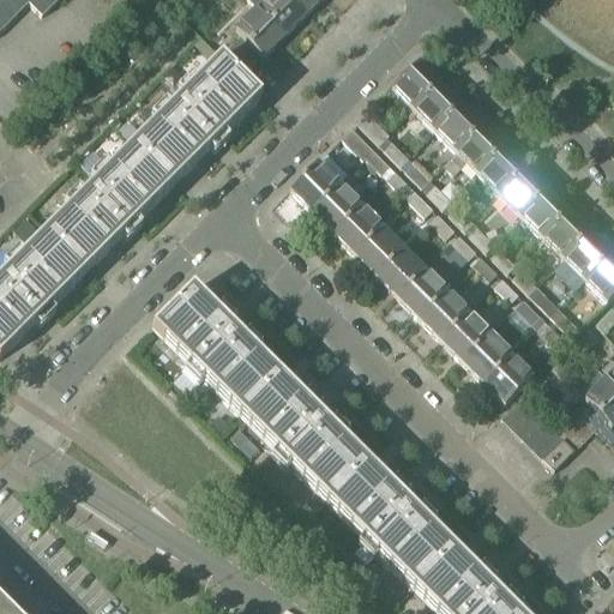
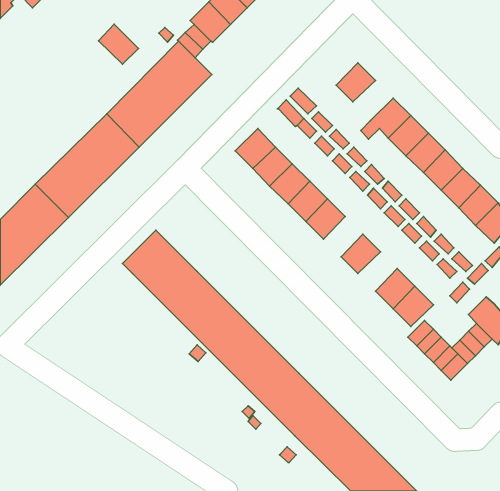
building: none -> [98,24,138,64]
building: [391,55,439,104] -> none
building: [433,98,482,148] -> none
building: [397,265,445,314] -> none
building: [439,308,487,356] -> none

